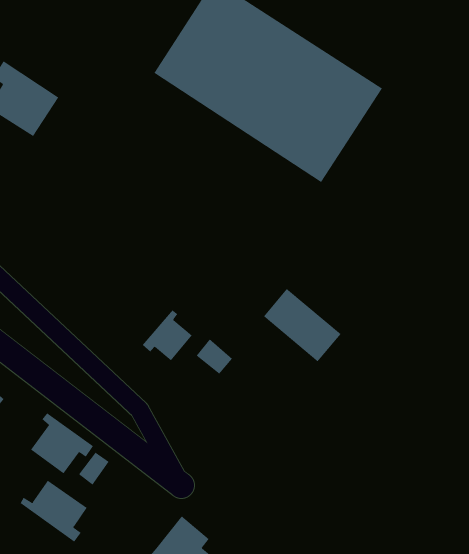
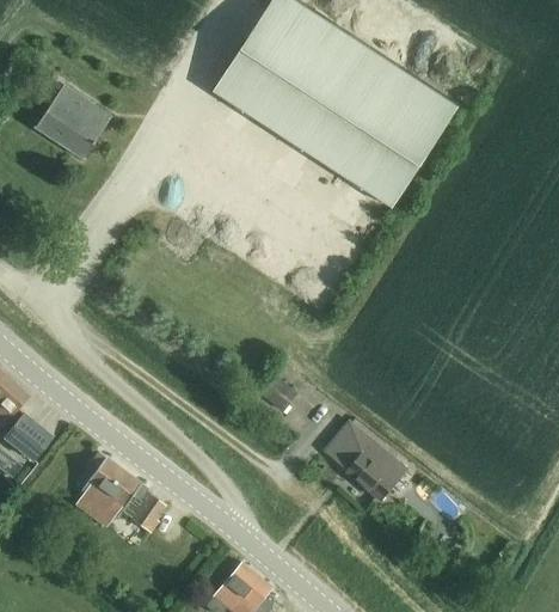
building: [263,288,341,362] -> [324,422,407,501]
building: [142,310,193,361] -> none
building: [20,480,87,543] -> none

